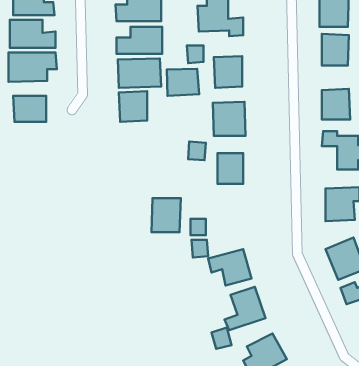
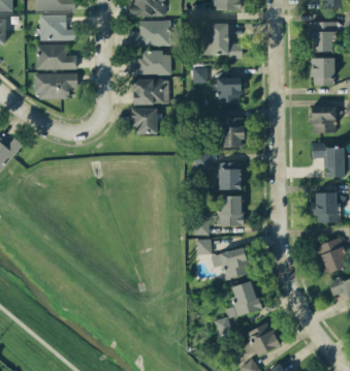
building: [167,69,199,96] -> none
building: [13,96,46,122] -> none
building: [151,198,181,232] -> [218,195,244,225]

